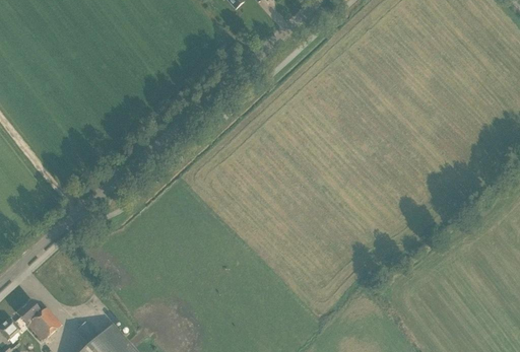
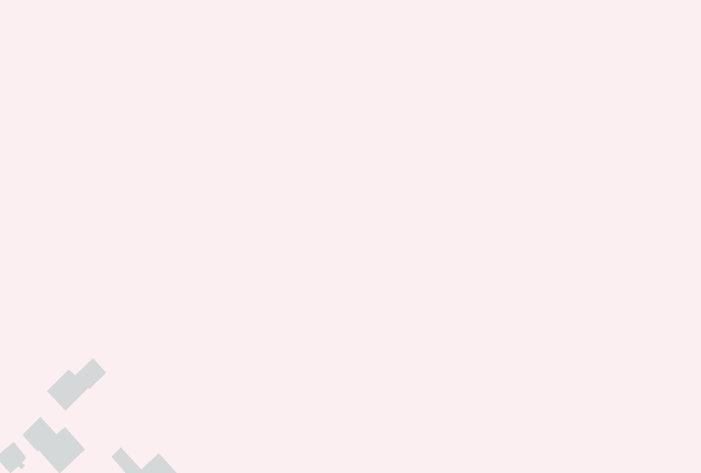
building: none -> [46,357,107,411]

